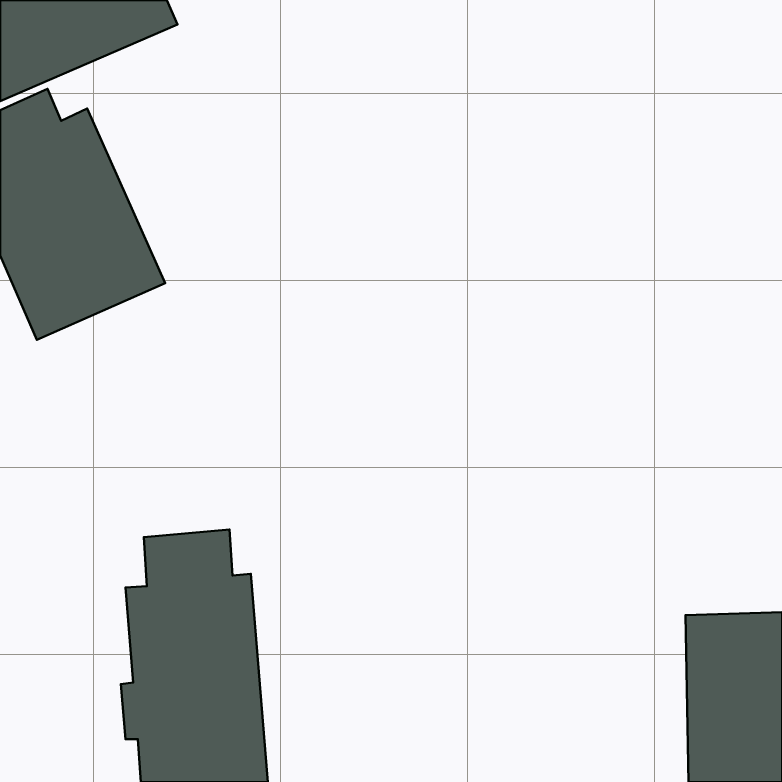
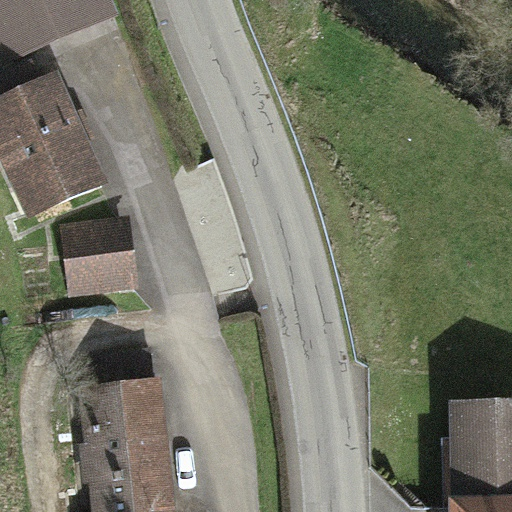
building: none -> [58,216,136,298]

